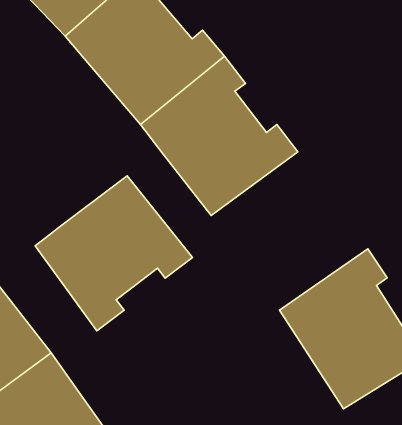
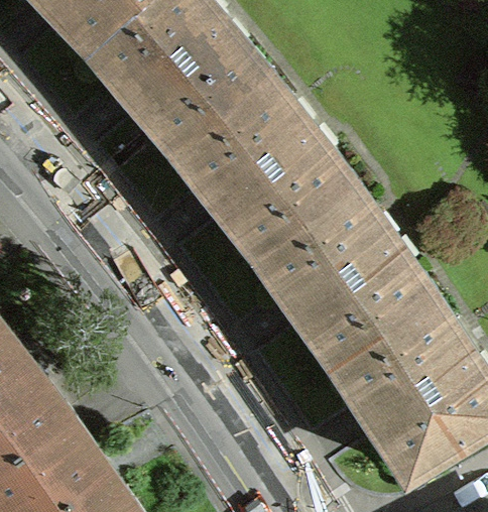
building: none -> [250,178,431,361]
building: [35,176,193,331] -> none

